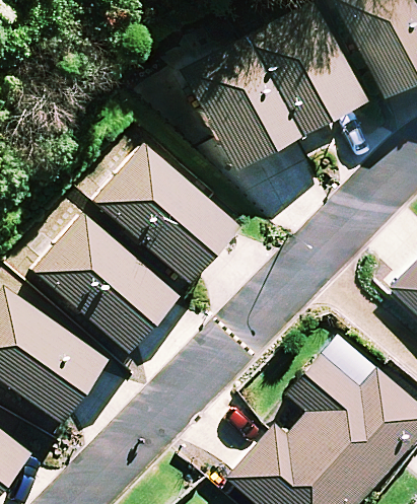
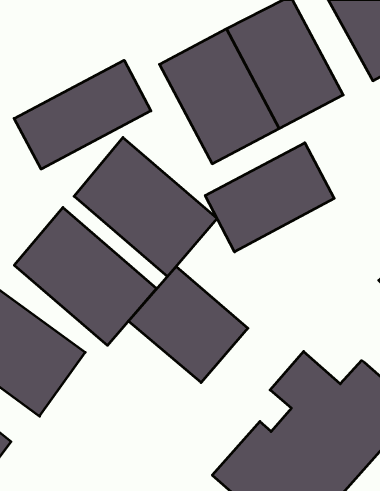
building: none -> [14,60,151,169]
building: none -> [205,143,334,252]
building: none -> [128,267,248,383]

